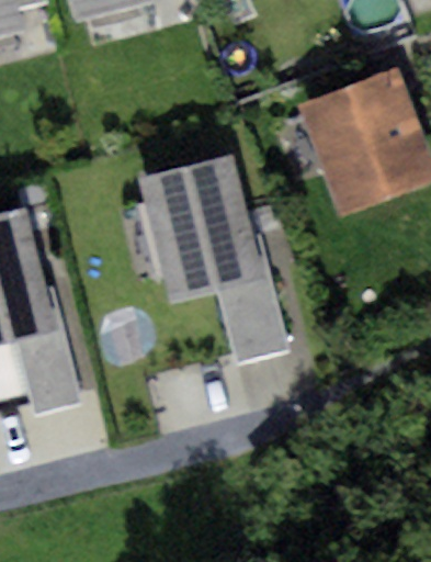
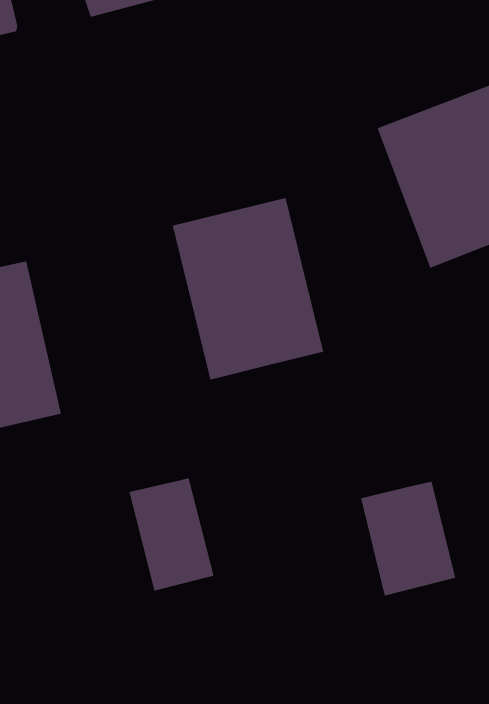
building: [217,274,292,364] -> [360,481,456,597]
building: [15,324,82,413] -> [128,477,214,592]

